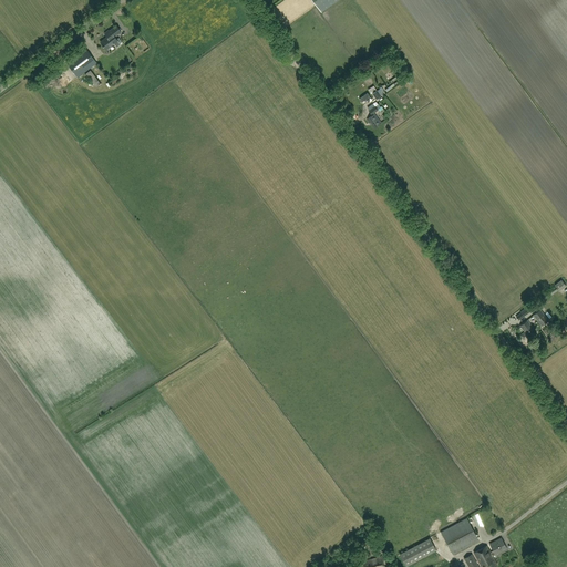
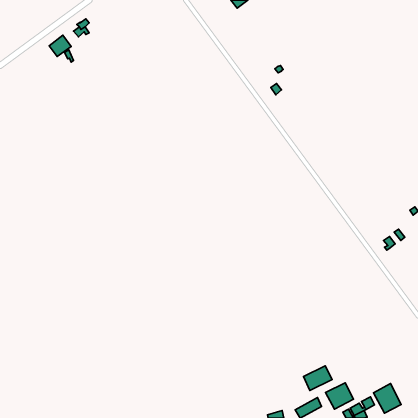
building: none -> [304,366,332,391]
building: none -> [373,384,401,413]

